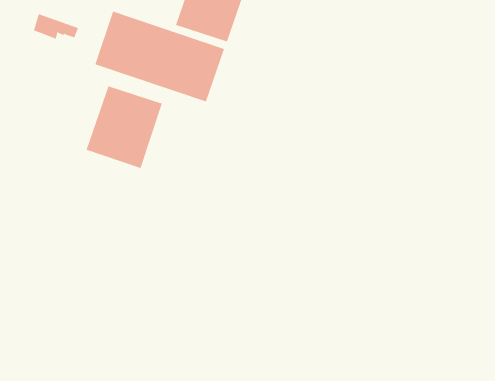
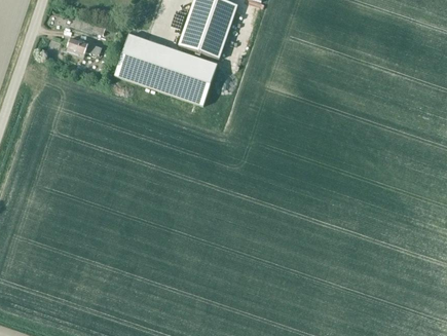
building: [86,85,163,169] -> none

